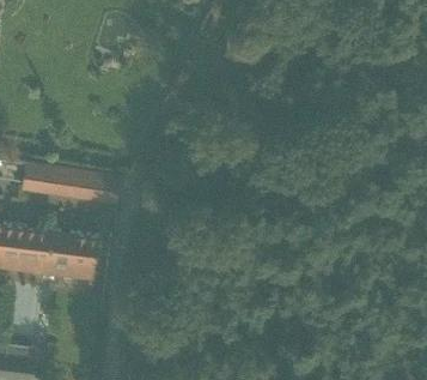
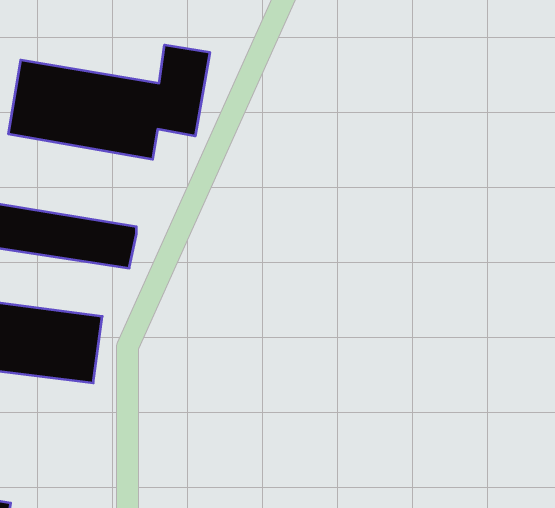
building: none -> [9,45,210,159]

